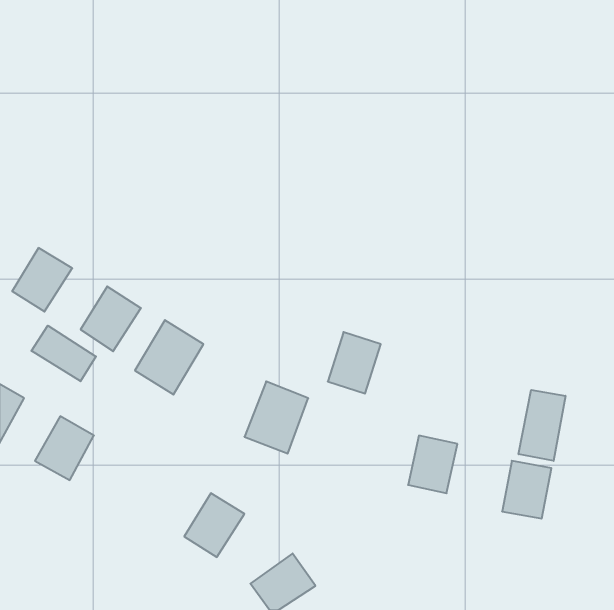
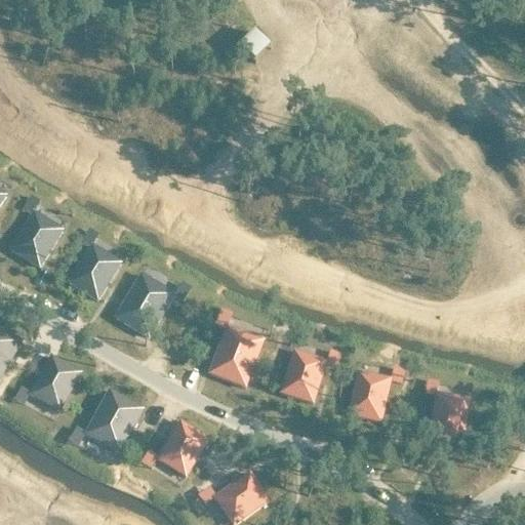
building: [31,326,96,381] -> none
building: [328,332,381,394] -> [280,350,325,402]
building: [519,390,565,461] -> none
building: none -> [85,389,143,451]

